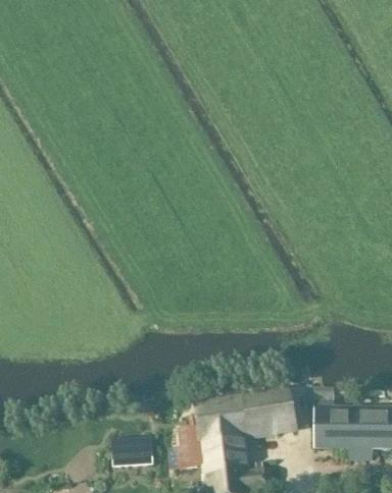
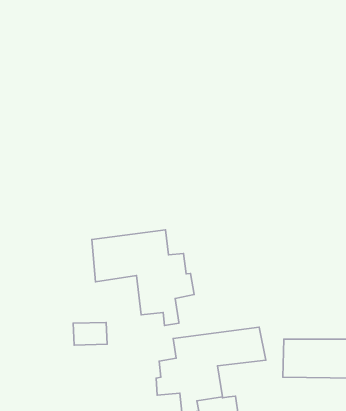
building: none -> [92,230,194,326]
building: [114,438,151,462] -> [73,322,107,345]

